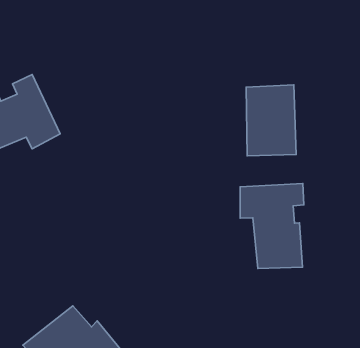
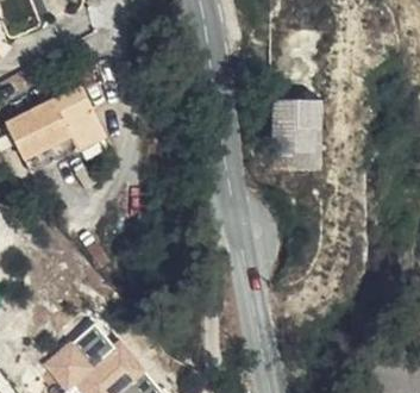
building: [240,183,304,269] -> none

